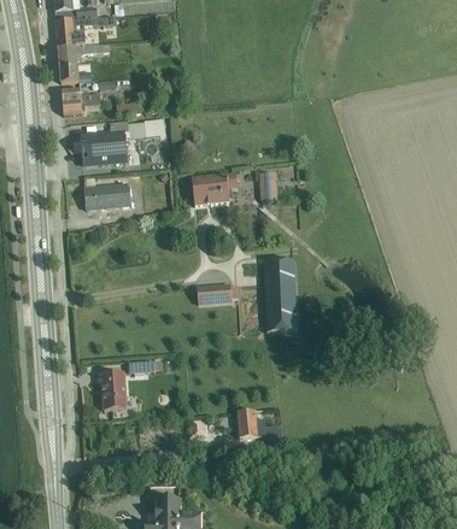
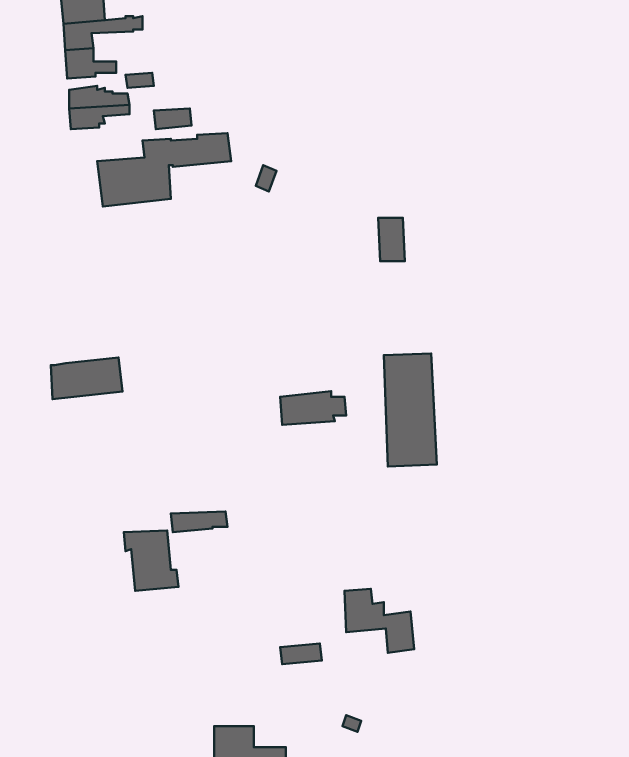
building: [191,171,240,205] -> none
building: [84,183,130,210] -> [51,358,122,399]

